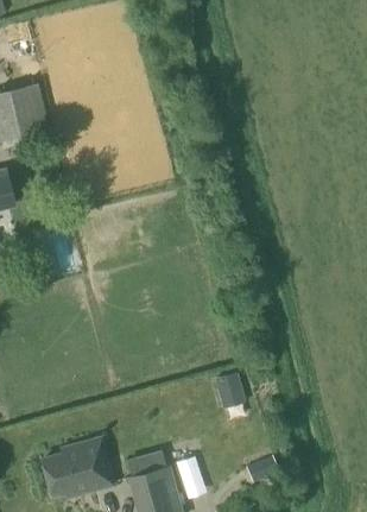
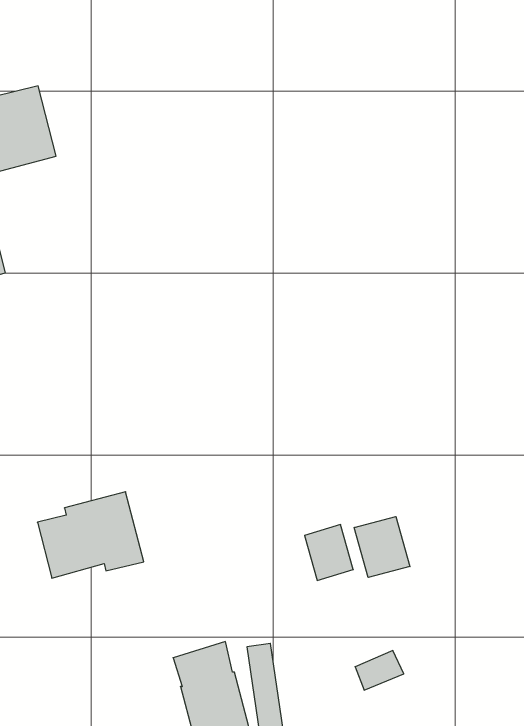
building: none -> [354,517,410,577]
building: [43,441,113,498] -> [37,492,144,578]

